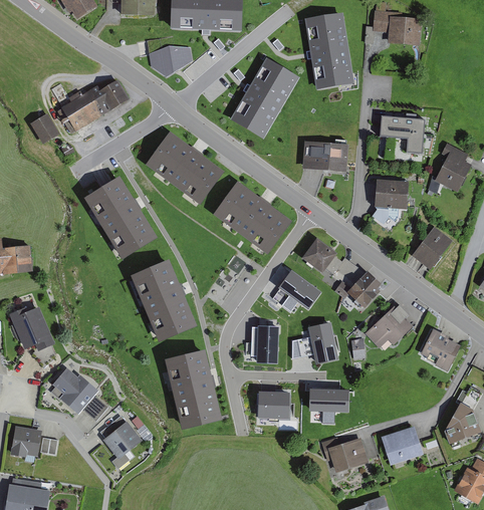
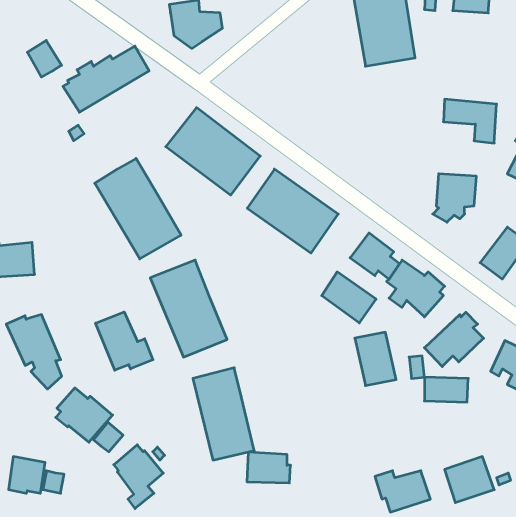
building: [226,54,296,135] -> none
building: [30,111,59,143] -> [27,40,62,77]
building: [302,146,347,177] -> none
building: none -> [96,312,153,370]
building: [256,324,279,364] -> none
building: [311,393,348,414] -> [424,377,468,402]
building: [256,394,293,420] -> [247,452,291,483]

